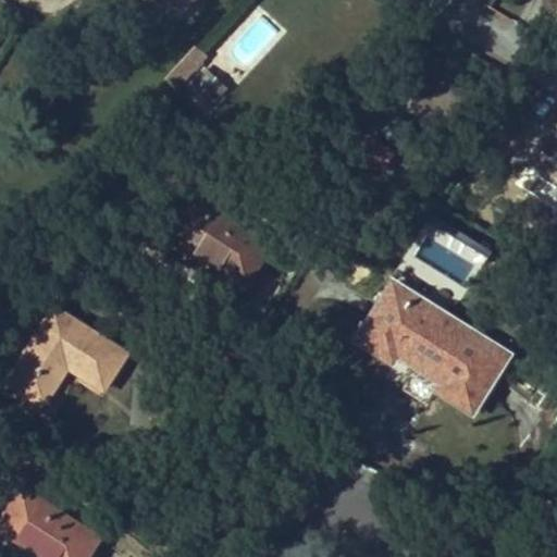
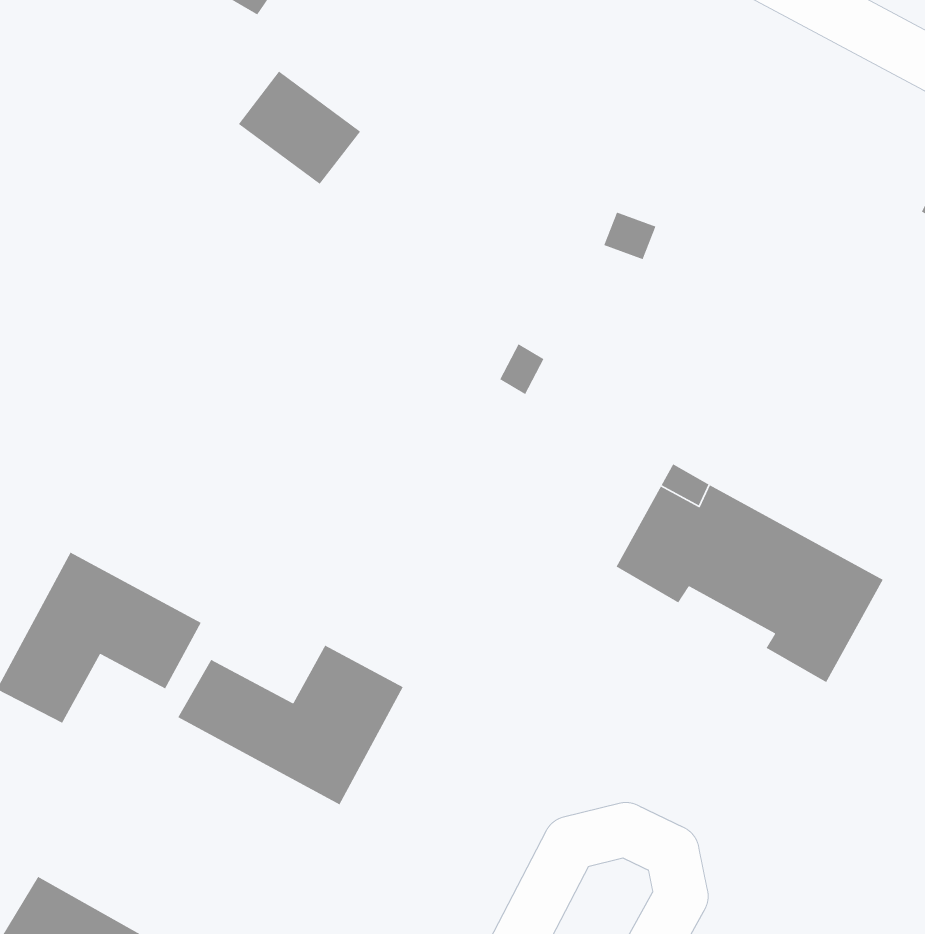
building: [174,199,273,284] -> none
building: none -> [177,644,404,805]

